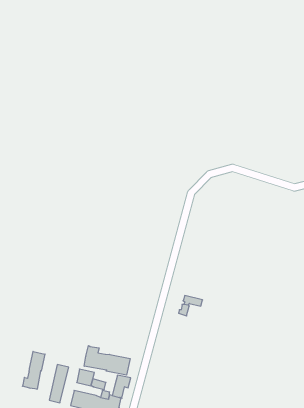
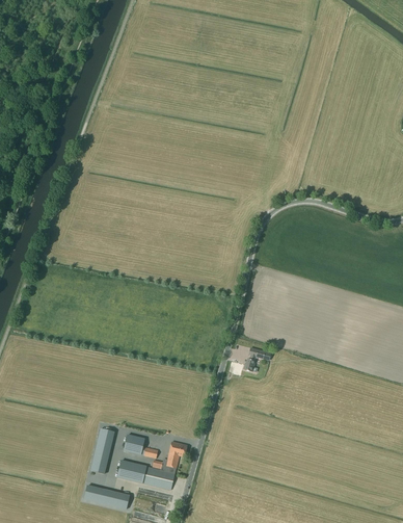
building: [84,346,130,375] -> none
building: [22,351,45,389] -> none

